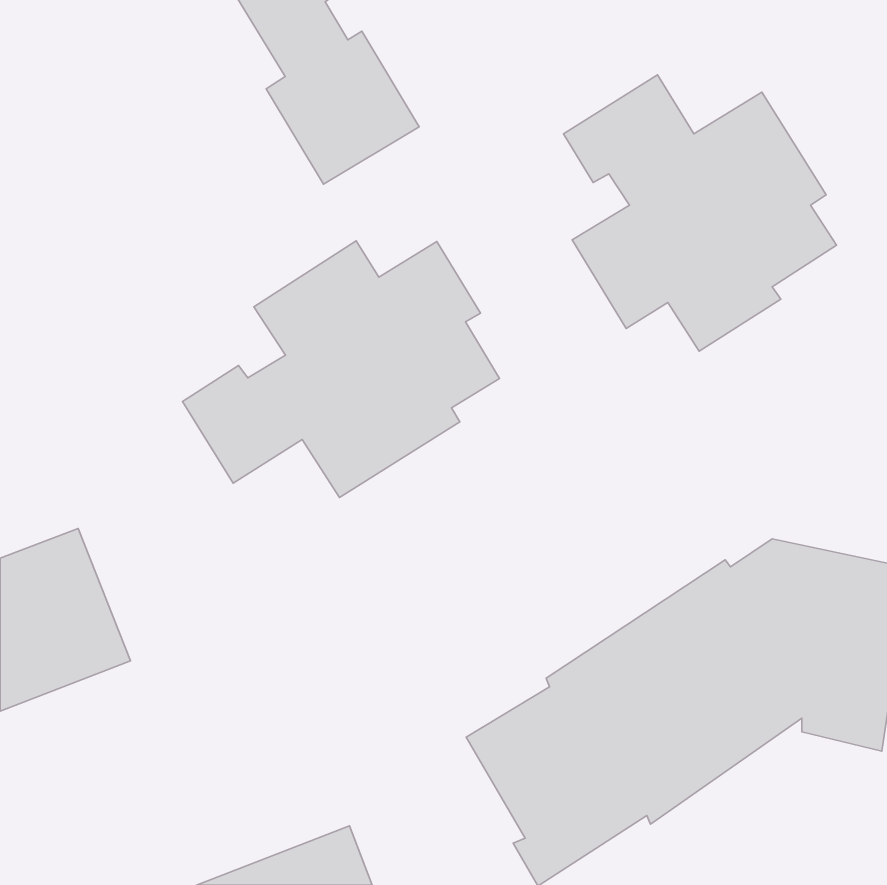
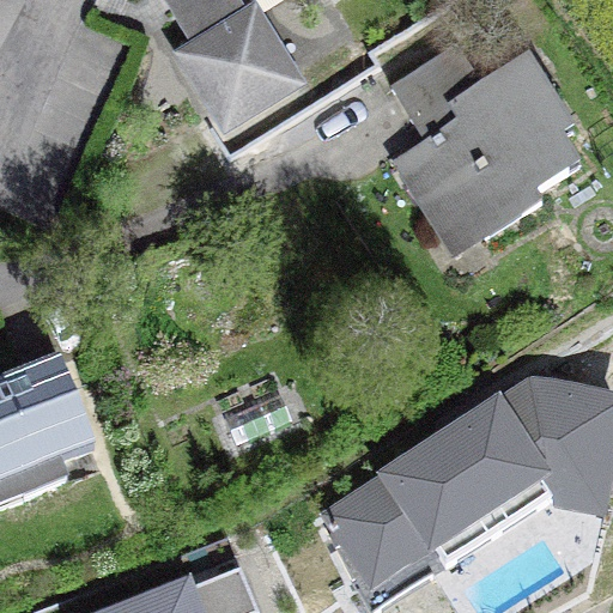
building: [182,241,500,497] -> none

